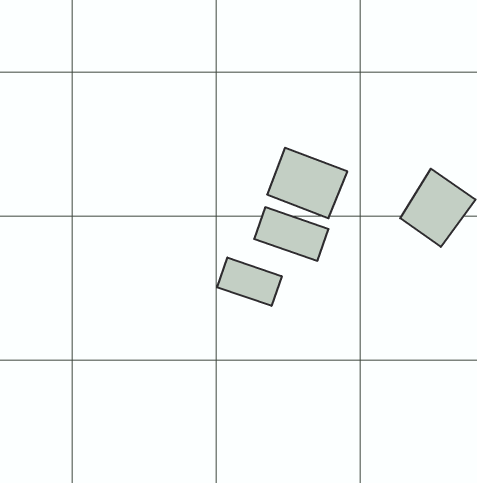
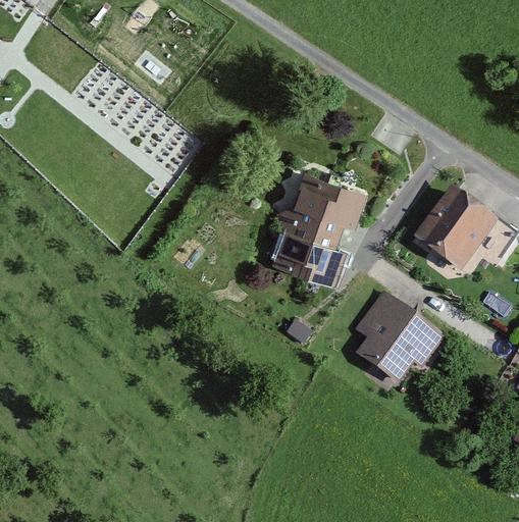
building: [217,257,282,306] -> none
building: none -> [357,289,445,388]

